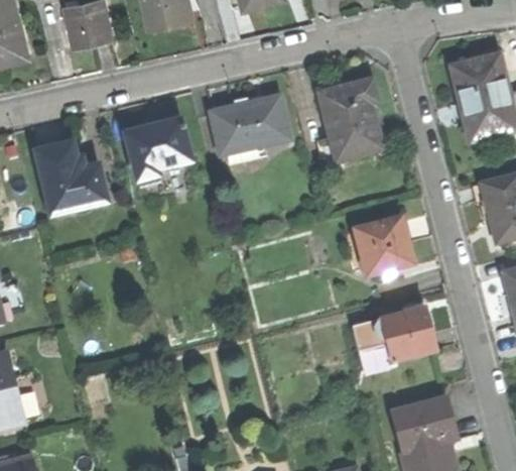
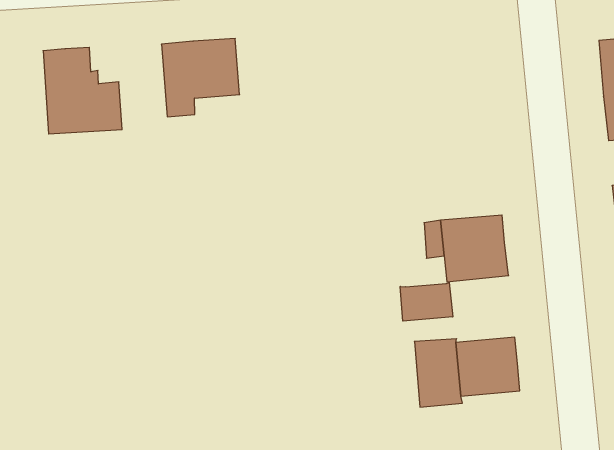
building: [319,77,383,159] -> none
building: [211,96,288,163] -> none
building: none -> [400,283,453,321]

